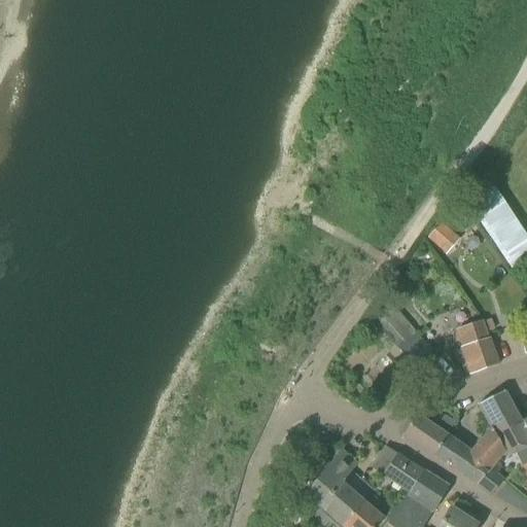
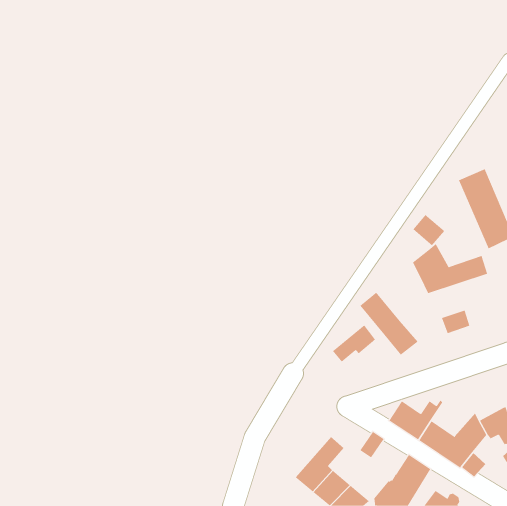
building: none -> [412,243,488,294]
building: none -> [332,325,376,363]
building: [463,337,499,373] -> none
building: [480,389,522,434] -> none
building: [386,454,424,490] -> none

